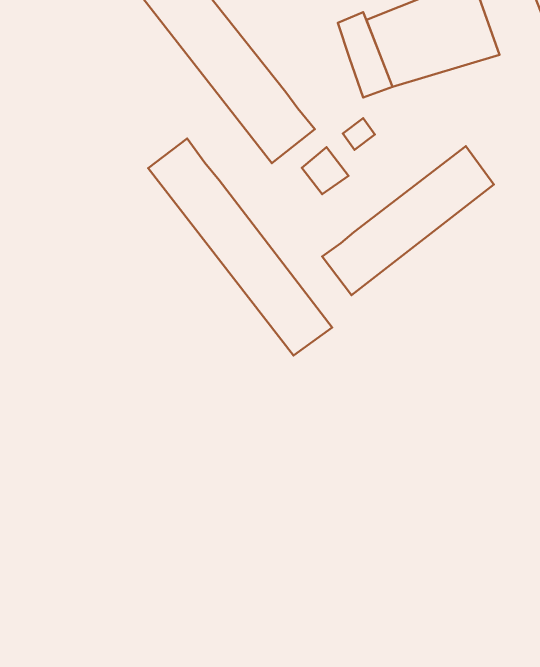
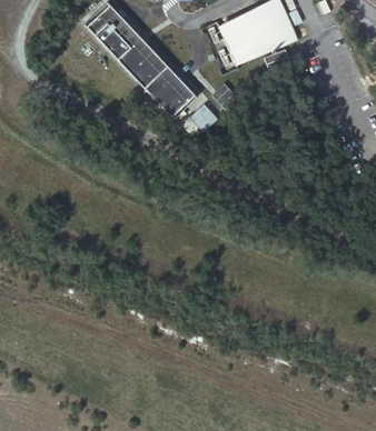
building: [148,138,332,355] -> none
building: [322,146,494,295] -> none

